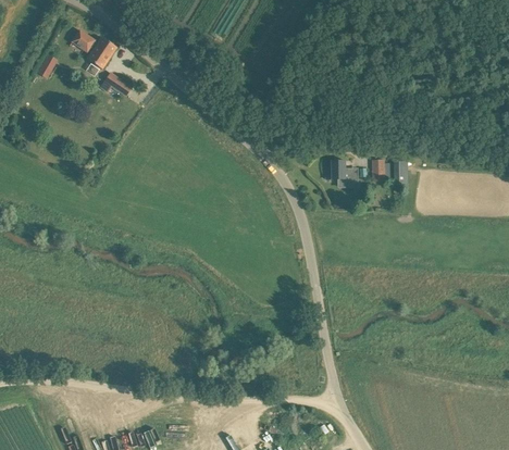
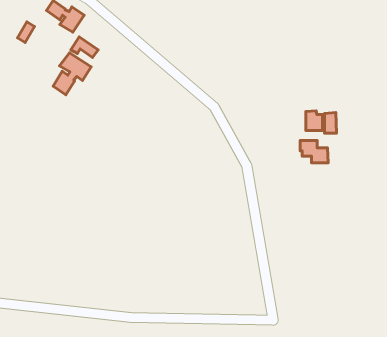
building: none -> [53,53,91,95]
building: [326,161,359,187] -> [300,140,328,163]

